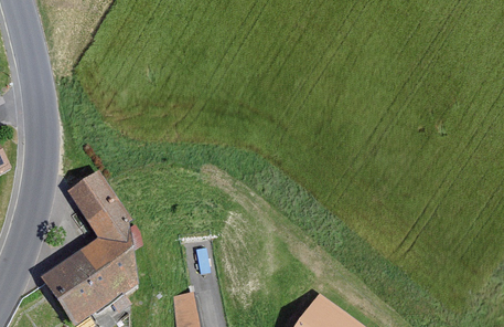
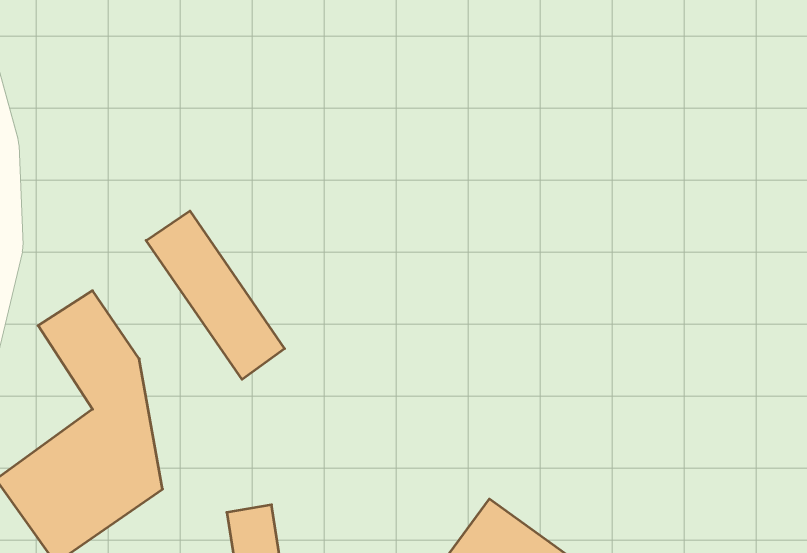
building: none -> [146,211,285,379]

